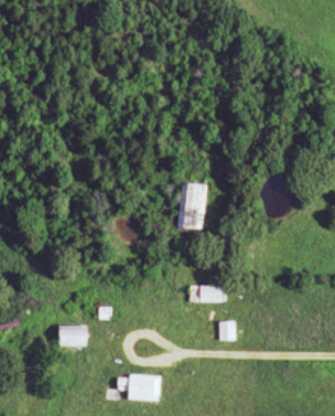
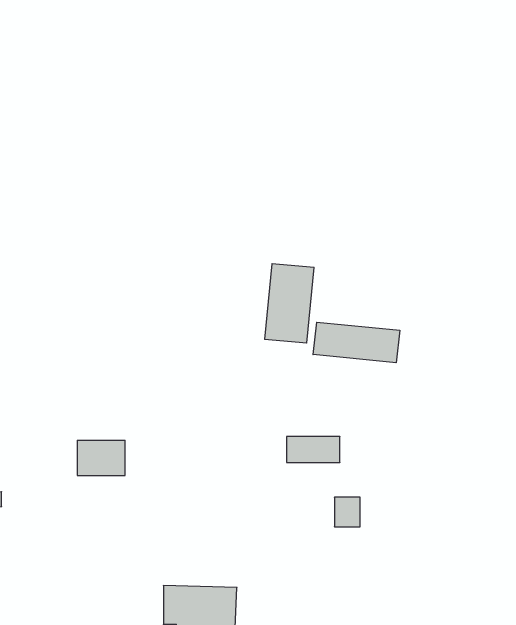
building: none -> [313,322,400,363]
building: [58,324,87,345] -> [77,440,125,475]

